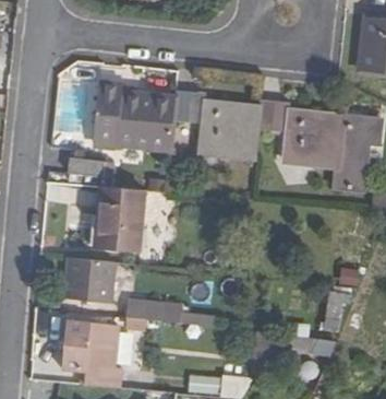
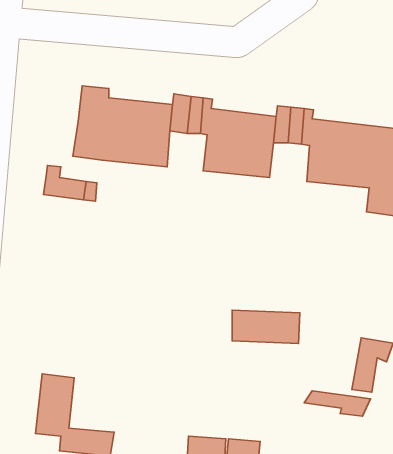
building: [95,188,144,251] -> none
building: [64,257,114,303] -> none
building: [123,298,179,326] -> [232,310,300,343]
building: [89,324,118,367] -> none

